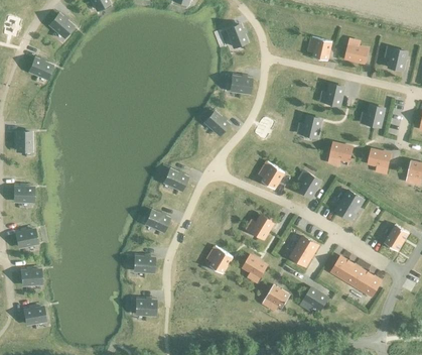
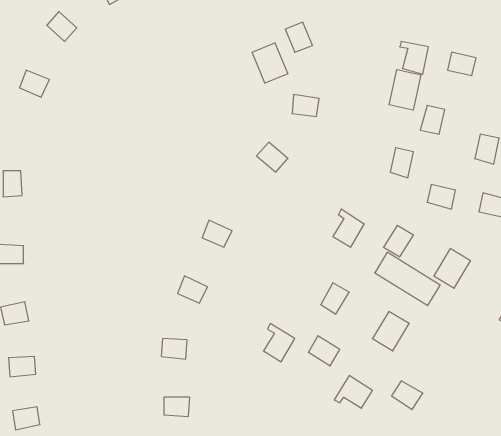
building: none -> [252,43,288,83]
building: none -> [389,70,421,110]
building: [330,257,379,297] -> [375,252,440,305]

